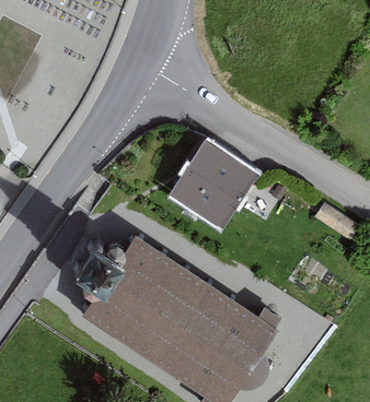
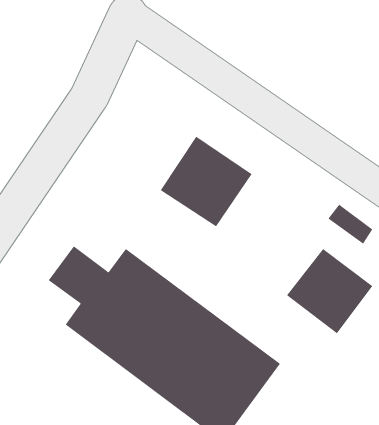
building: none -> [286,248,373,334]

